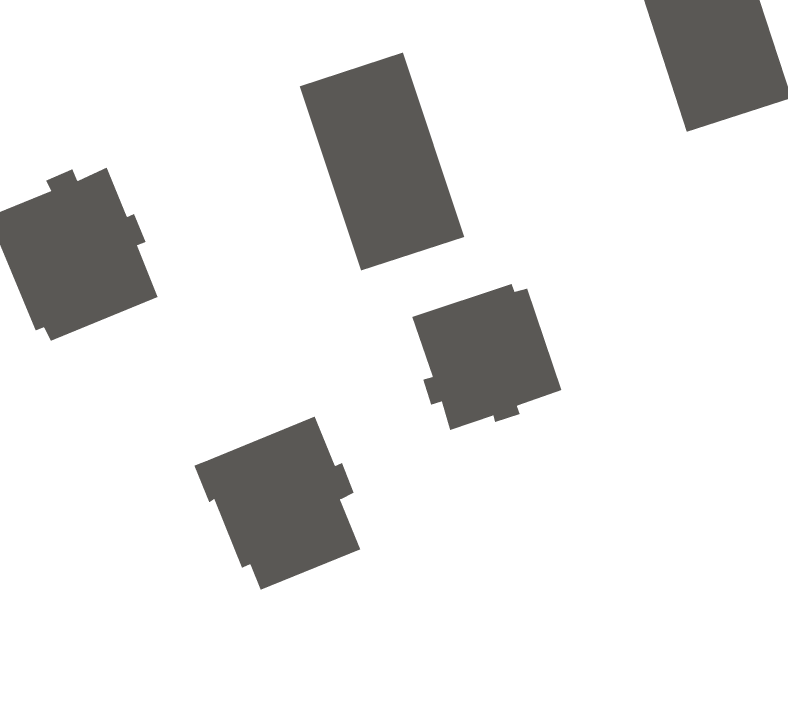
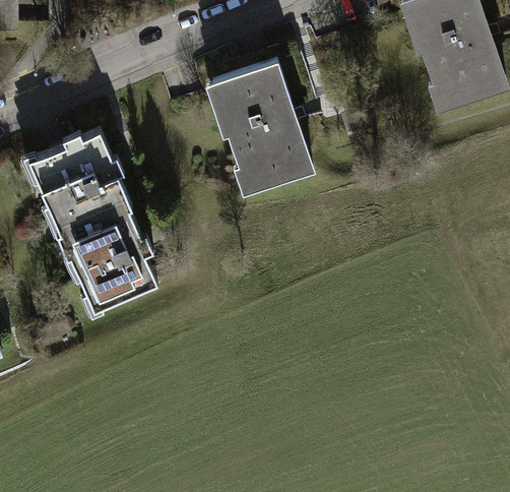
building: [411,283,562,431] -> none
building: [193,416,361,591] -> [57,207,156,311]

